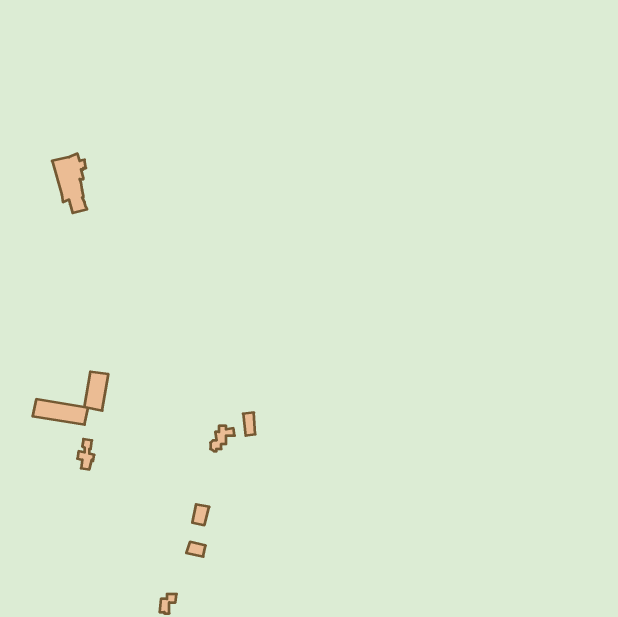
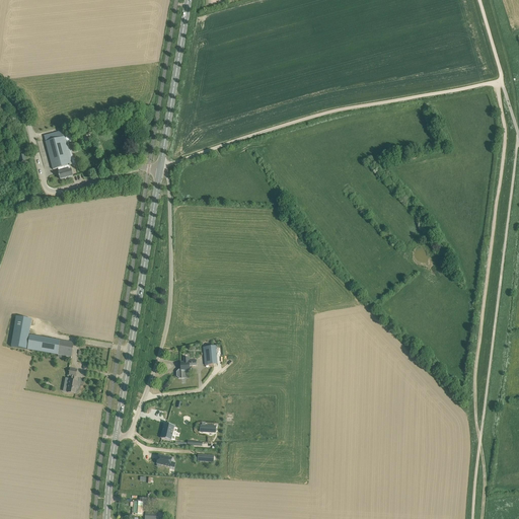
building: [84,372,108,411] -> [11,316,31,349]

